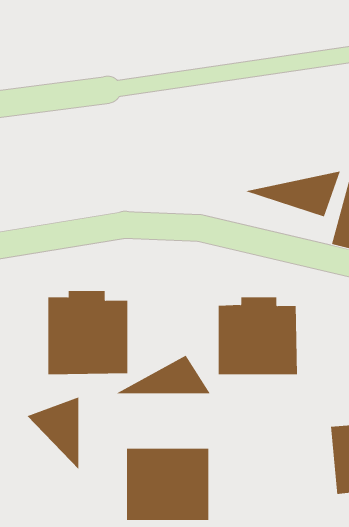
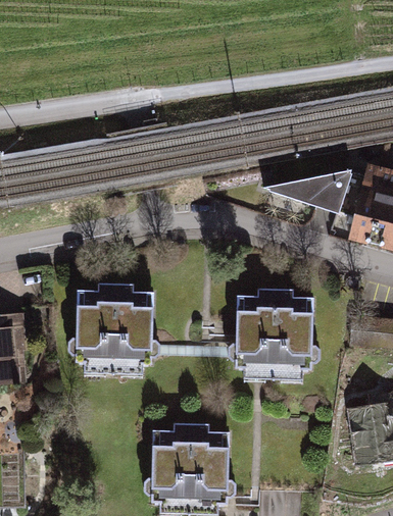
building: [114,355,211,394] -> none
building: [26,397,79,470] -> none

